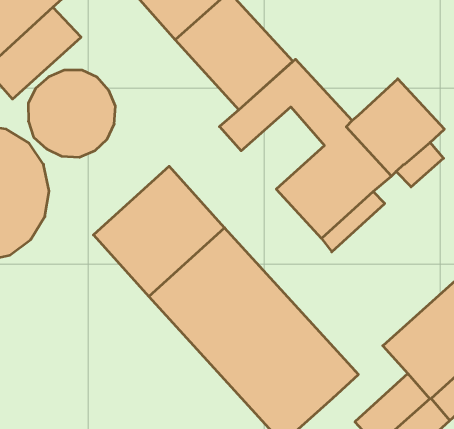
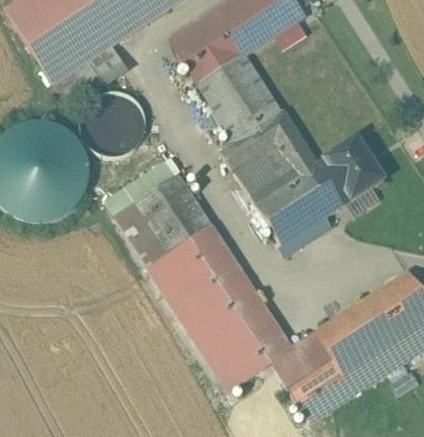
building: none -> [234,145,295,203]
building: none -> [105,159,179,215]
building: none -> [272,331,330,383]

